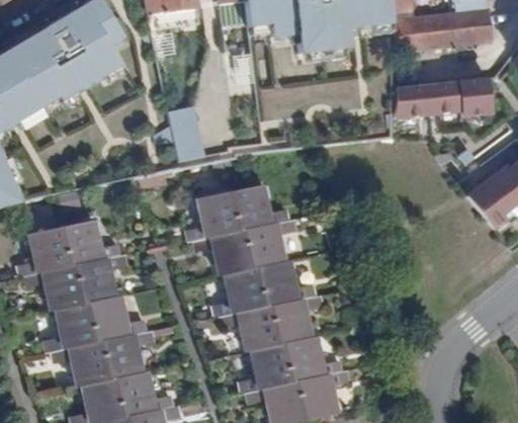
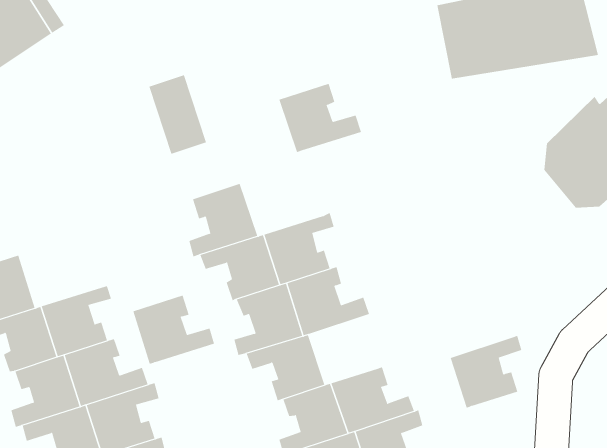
building: [232,182,290,231] -> [279,83,362,153]
building: [64,218,121,266] -> [133,295,215,365]
building: [270,295,324,345] -> [450,335,522,408]

